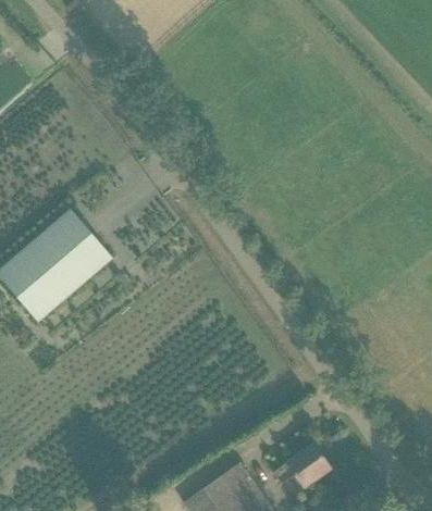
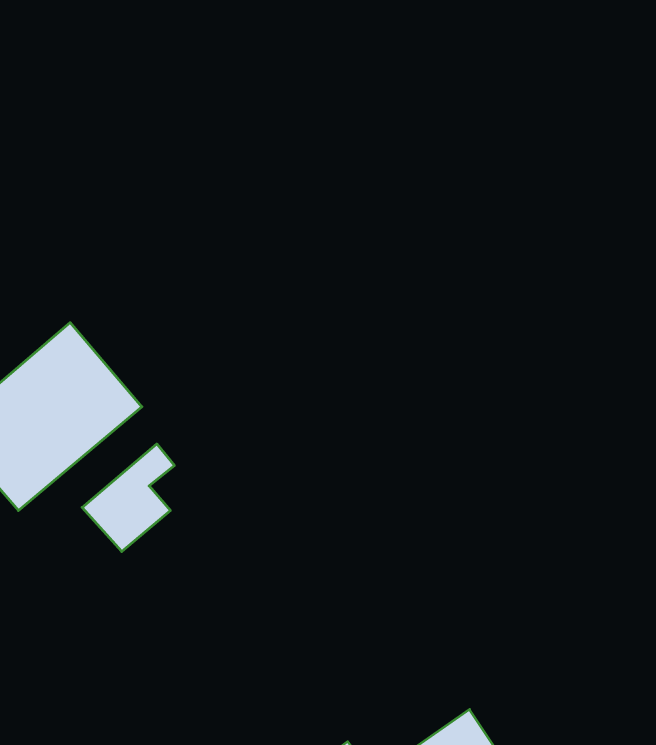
building: none -> [82,444,174,552]

